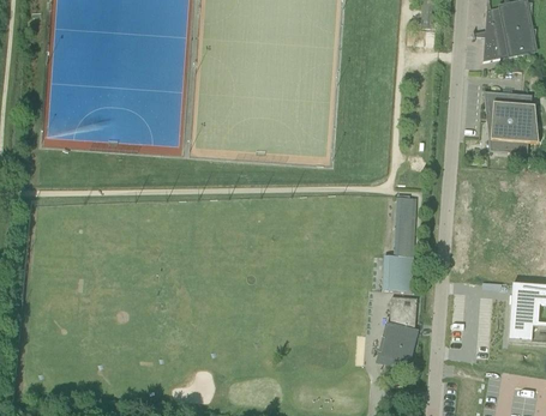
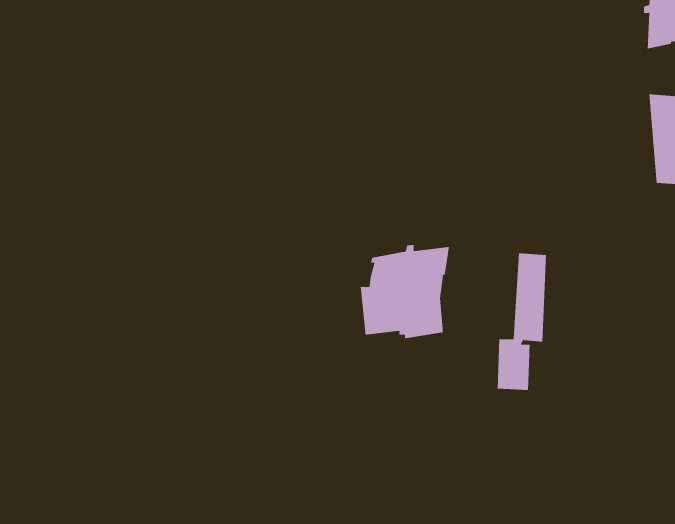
building: none -> [360,244,450,339]
building: [388,296,418,360] -> none

